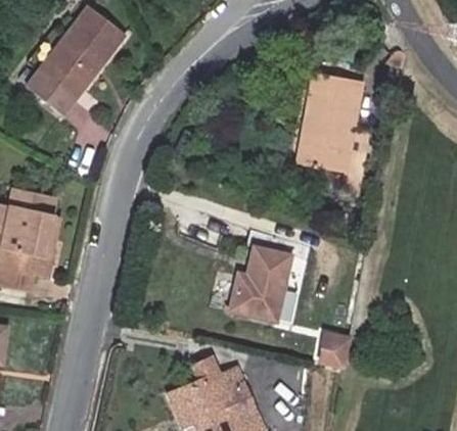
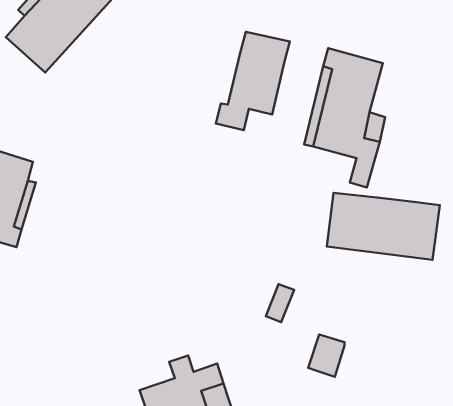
building: none -> [216,32,290,130]
building: none -> [327,193,440,260]
building: [228,245,289,321] -> none

